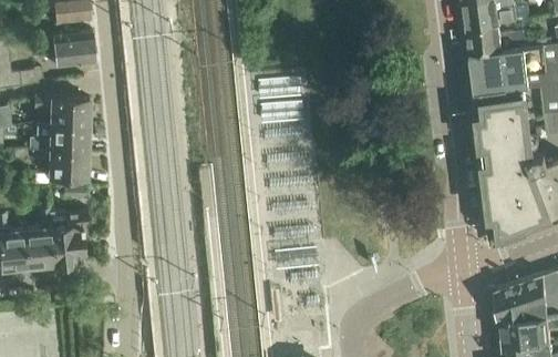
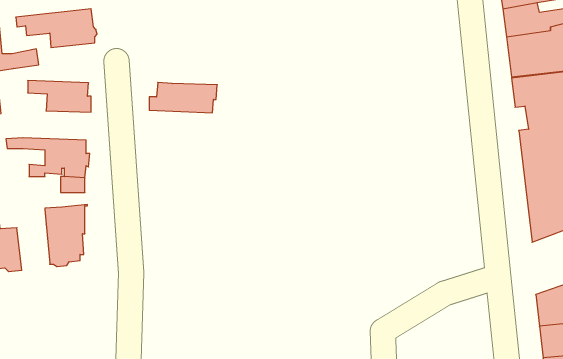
building: [29,124,91,152] -> [149,82,217,113]
building: [23,211,53,271] -> none

